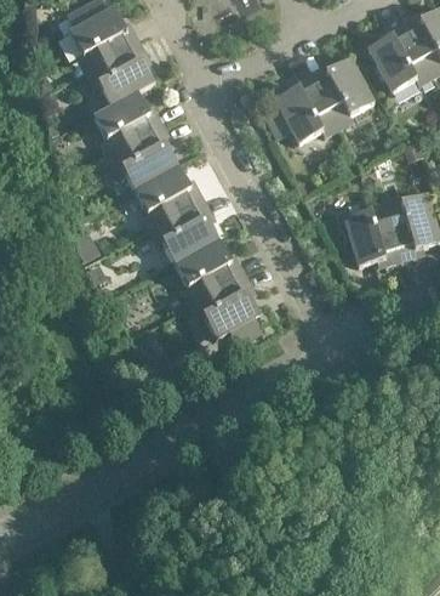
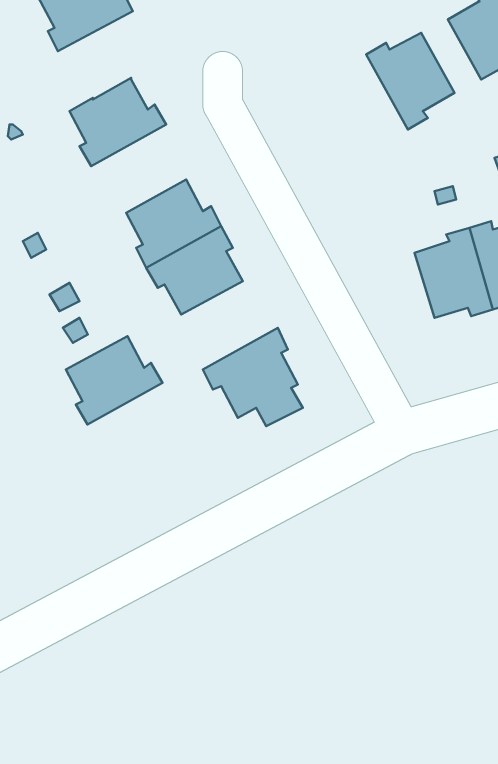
building: [84,41,154,106] -> none
building: [262,73,338,142] -> none
building: [108,124,177,188] -> none
building: [173,238,244,302] -> [66,336,163,425]

